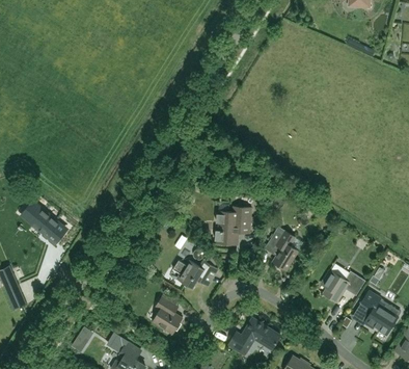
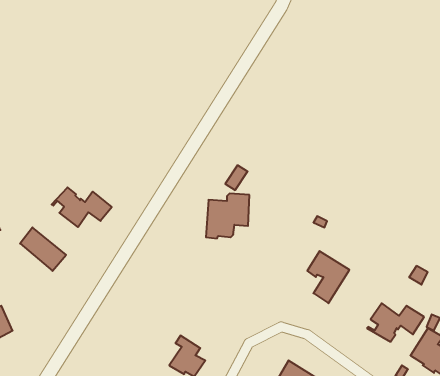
building: none -> [52,187,112,227]
building: [215,207,251,244] -> [206,194,249,238]
building: [172,261,214,289] -> none

